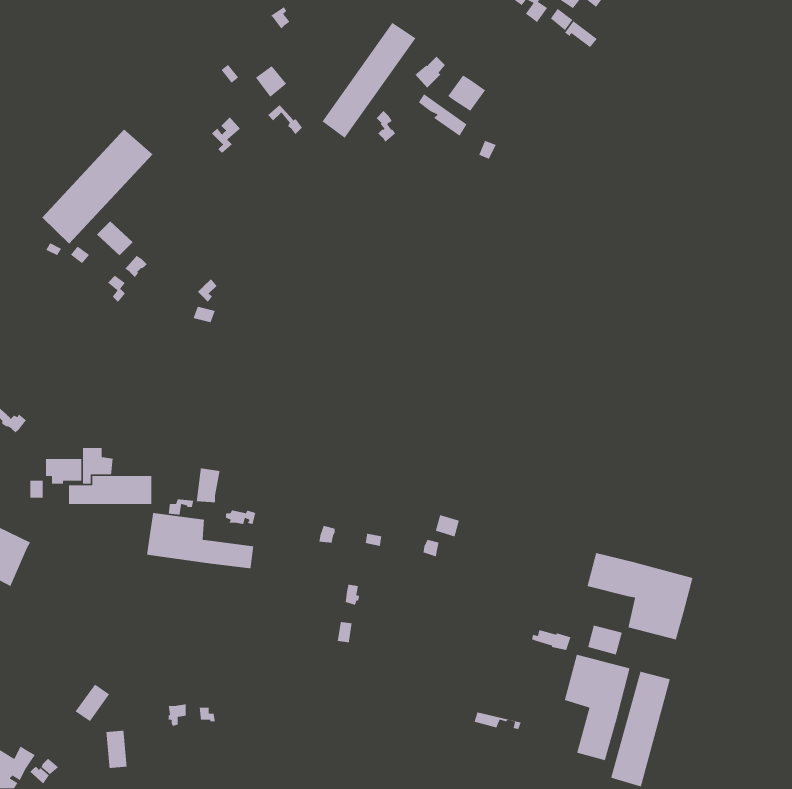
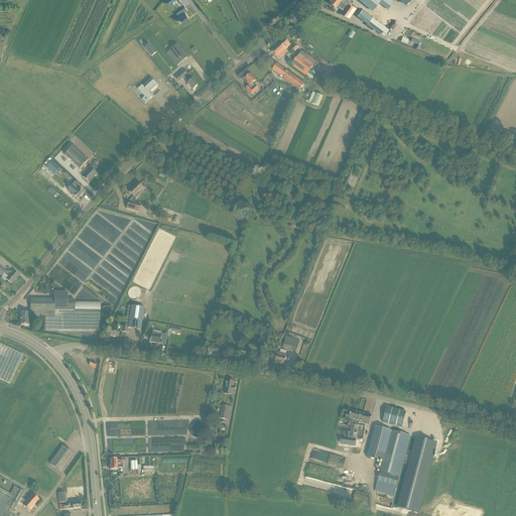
building: [322,22,417,139] -> none
building: [42,128,153,244] -> none
building: [146,512,254,569] -> none
building: [586,552,693,640] -> none

